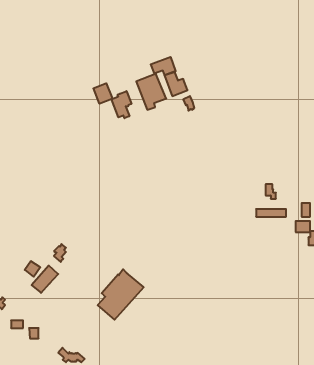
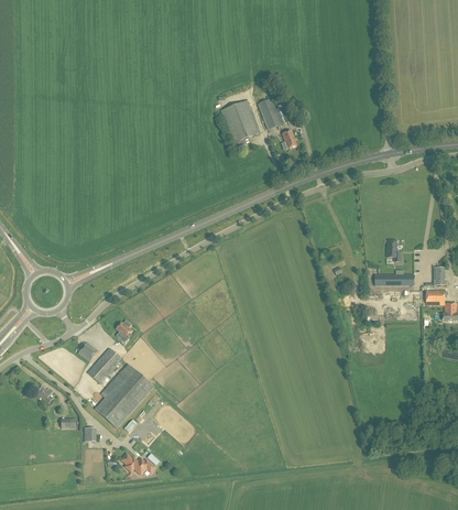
building: [151,57,176,75] -> none
building: [93,83,131,118] -> none
building: [98,269,144,320] -> [94,362,153,427]

